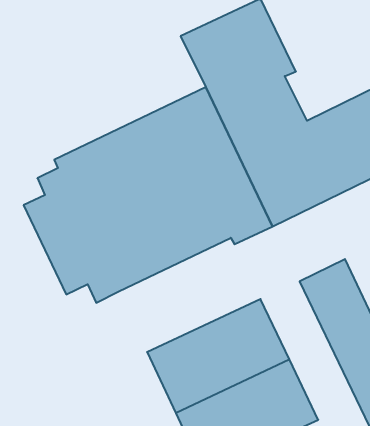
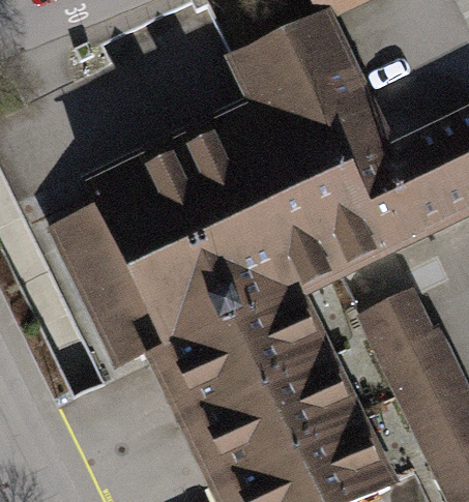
building: none -> [168,286,326,413]

